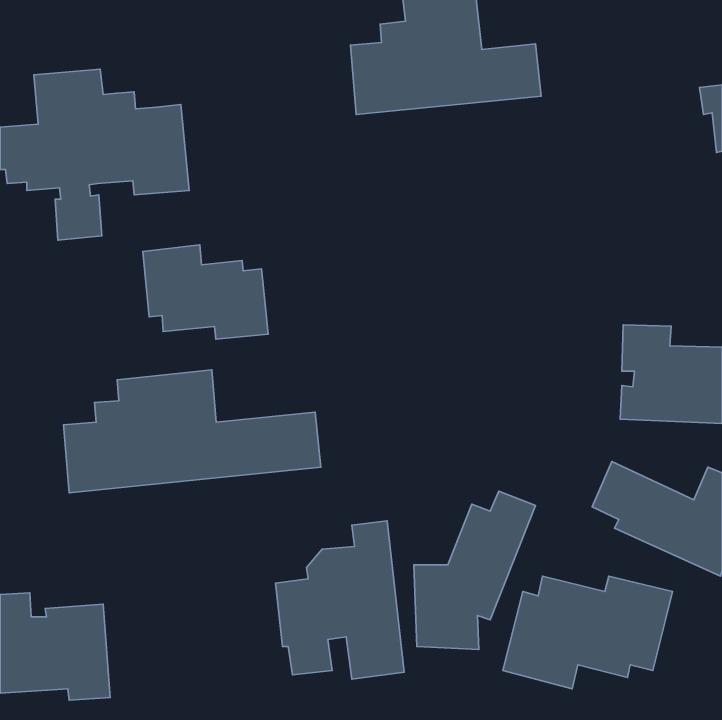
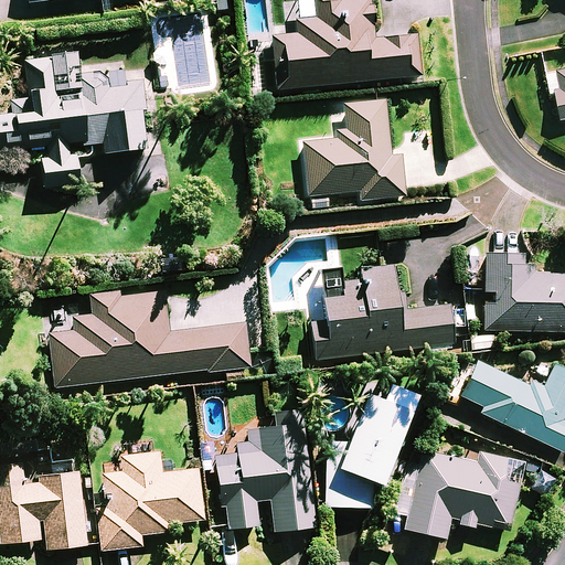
building: none -> [302,98,405,200]
building: [143,245,268,339] -> none
building: none -> [310,263,452,359]
building: none -> [96,451,204,550]

